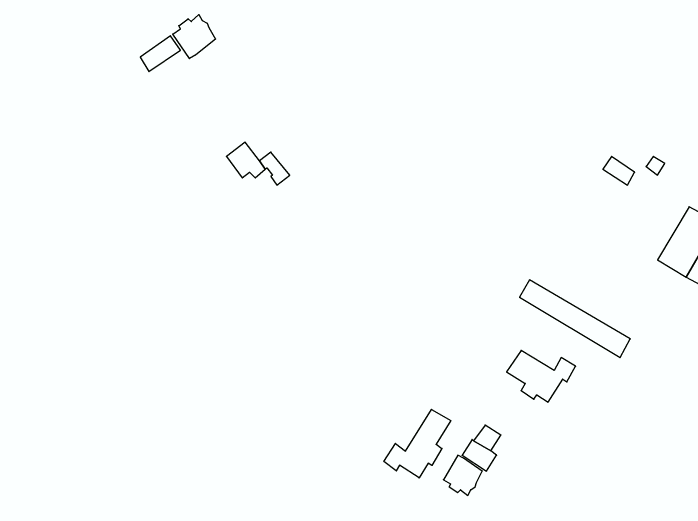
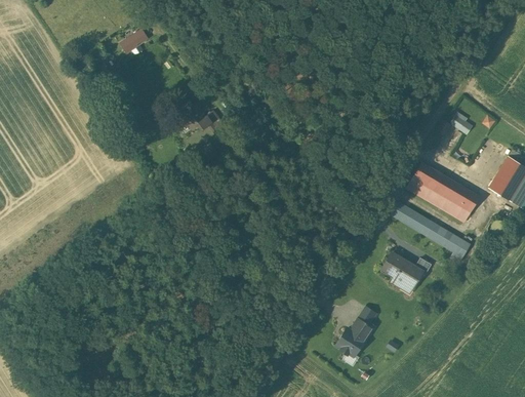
building: [173,15,216,59] -> none
building: none -> [407,162,480,222]
building: [384,409,451,478] -> none

